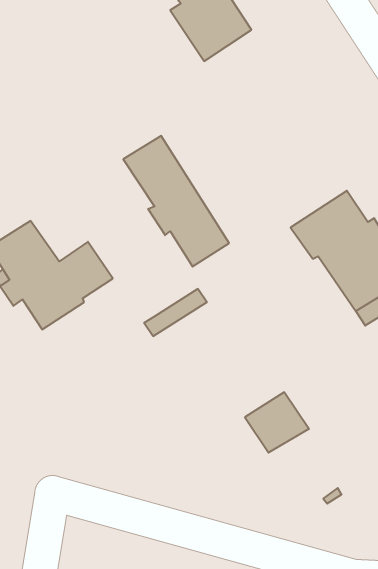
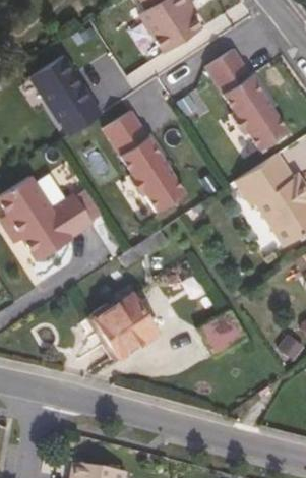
building: none -> [203,51,286,153]
building: none -> [32,55,103,134]
building: none -> [86,294,158,359]

